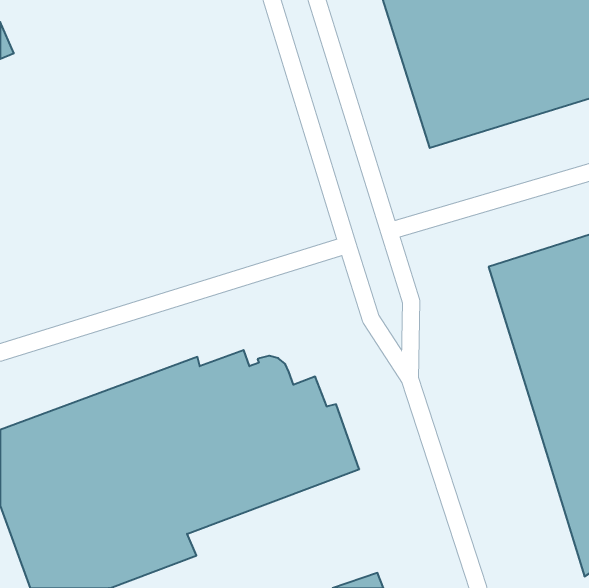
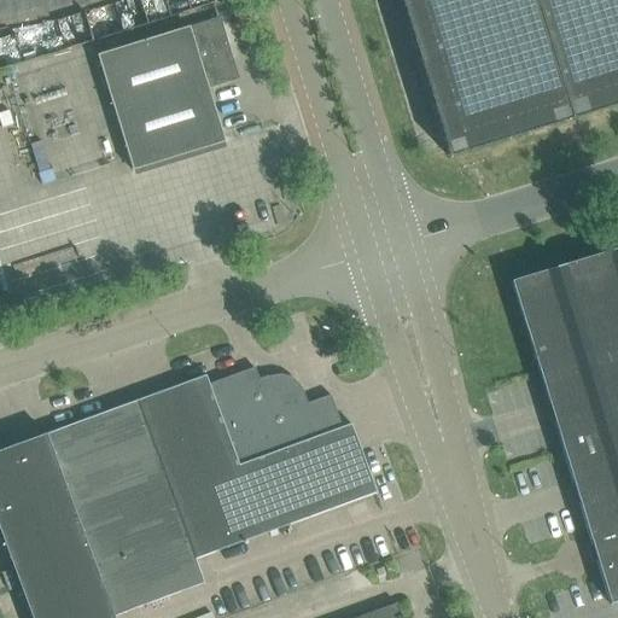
building: none -> [98,16,240,169]

